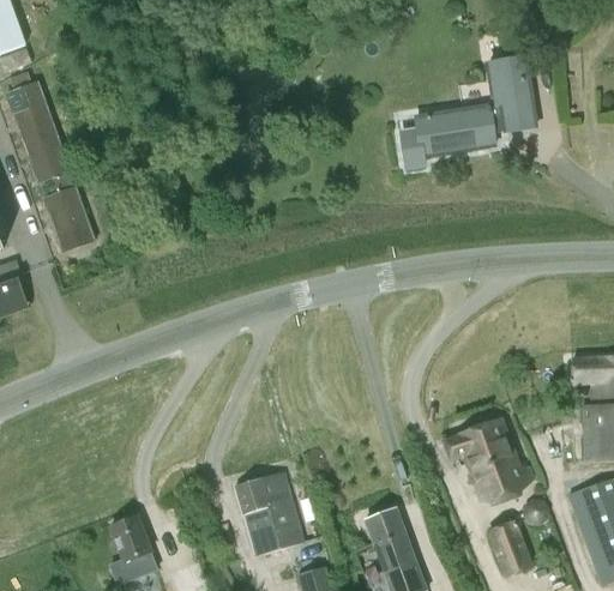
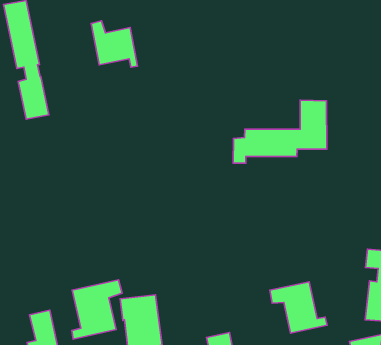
building: [401,59,535,167] -> [233,100,327,163]
building: none -> [91,21,138,67]
building: none -> [72,280,122,339]

